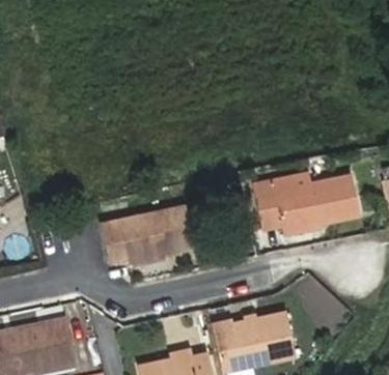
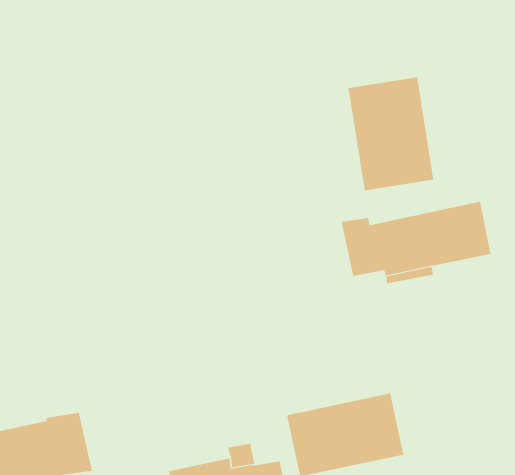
building: none -> [348,77,434,191]
building: [101,205,194,260] -> none

